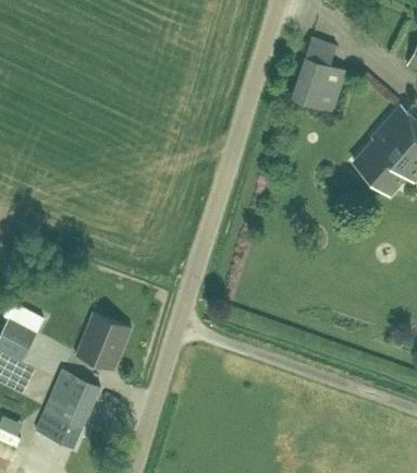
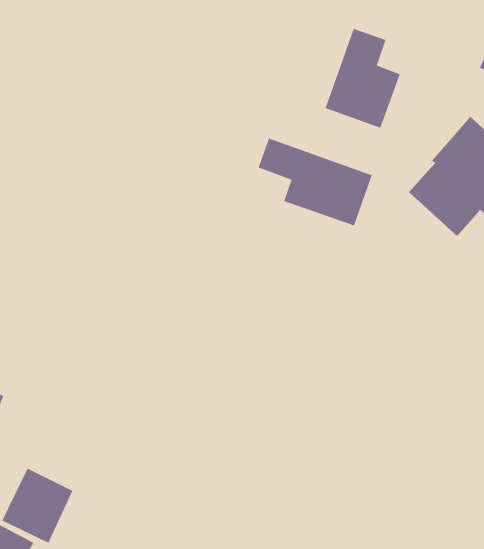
building: none -> [257,138,373,226]
building: [75,313,131,369] -> none

